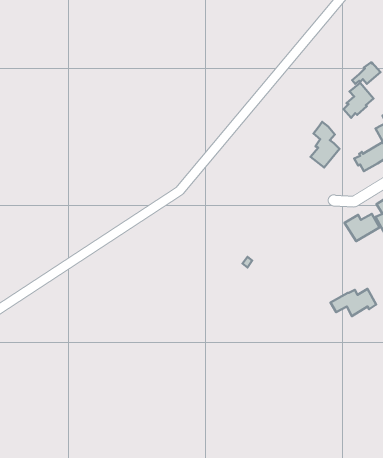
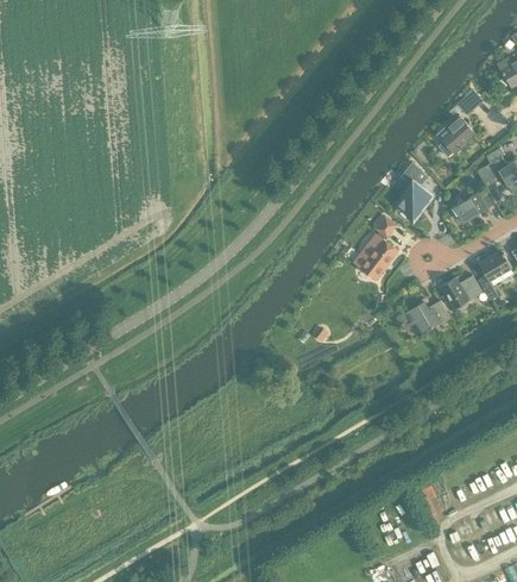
building: none -> [360,217,397,280]
building: [330,289,376,316] -> [396,300,452,333]

